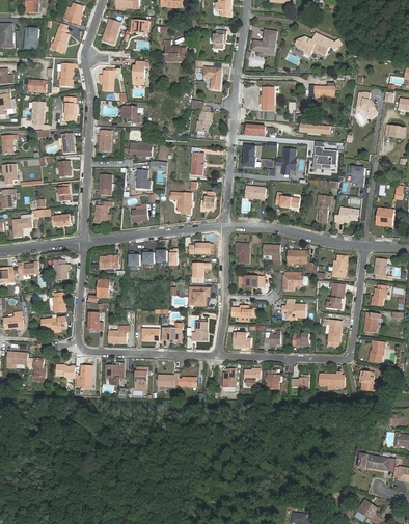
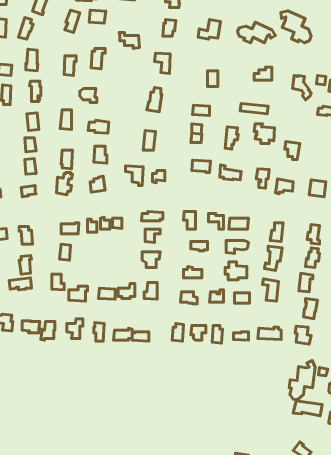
building: none -> [281,11,311,43]
building: none -> [289,360,315,400]

